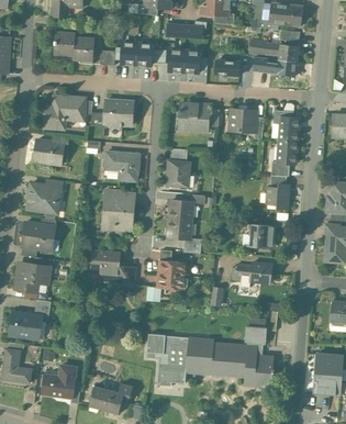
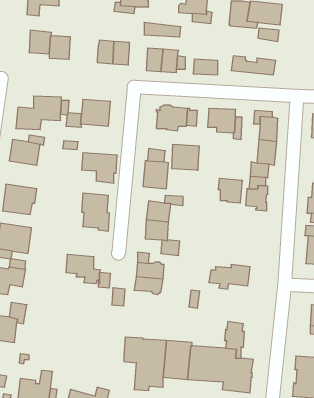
building: [248,40,297,62] -> none
building: none -> [172,144,199,170]
building: [249,224,274,248] -> [218,178,243,203]

